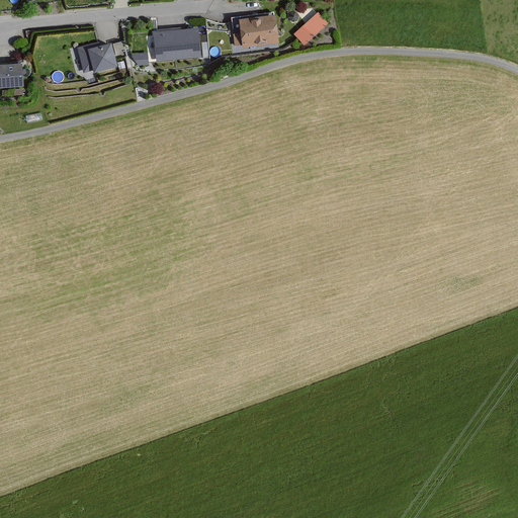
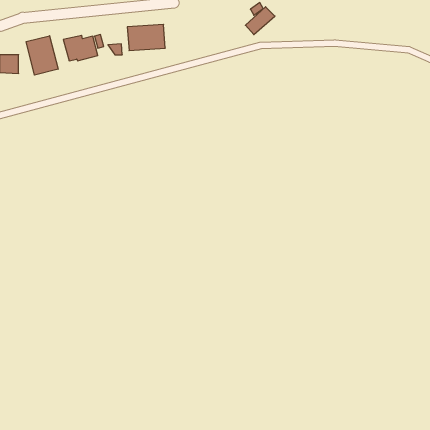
building: [231,16,278,49] -> none
building: none -> [26,36,58,75]

